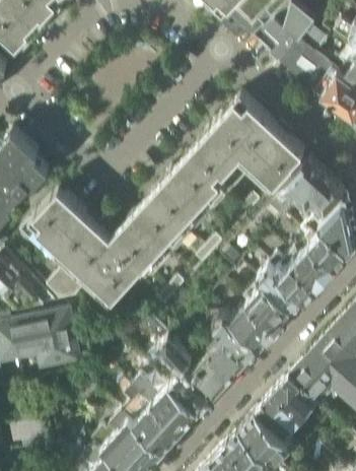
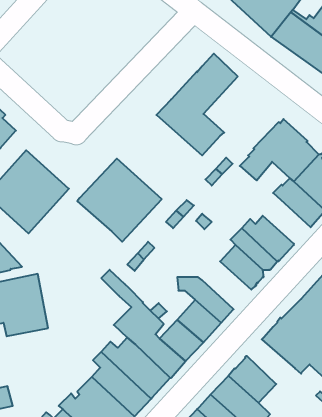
building: [231,117,304,193] -> none
building: [147,154,230,237] -> none
building: [46,226,142,310] -> none
building: [289,241,336,280] -> none
building: [230,297,278,344] -> none
building: [274,374,331,422] -> none

